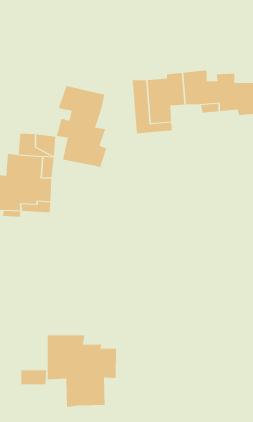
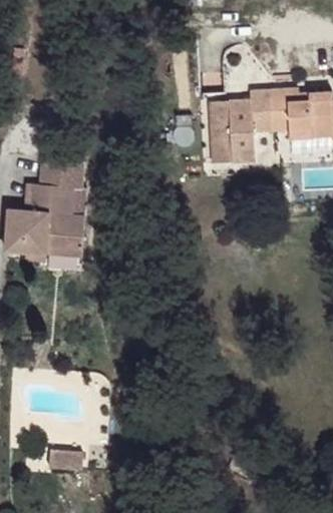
building: [56,85,107,168] -> none
building: [47,335,116,408] -> none

